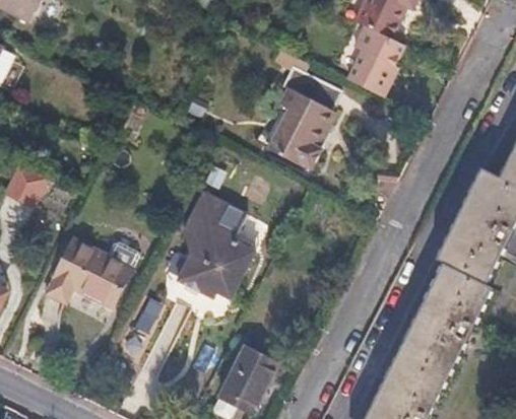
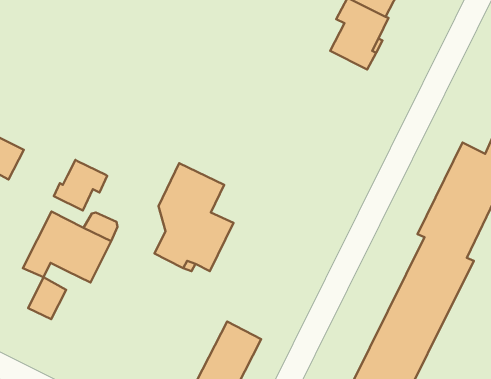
building: [270,68,343,168] -> none
building: none -> [54,160,107,211]
building: none -> [28,277,66,319]

